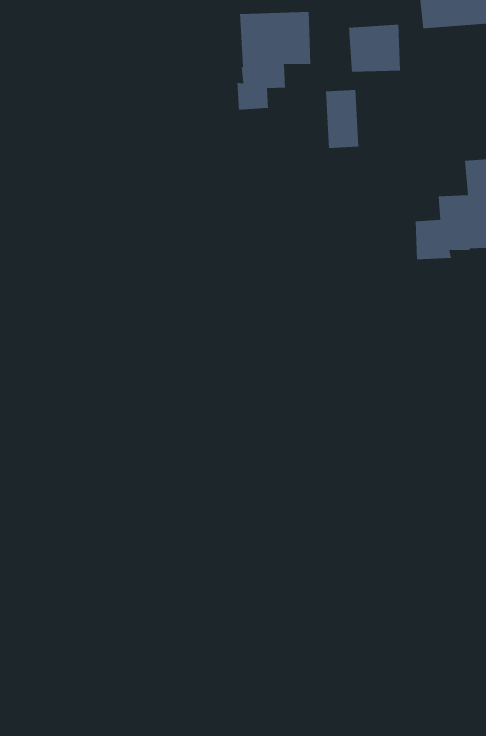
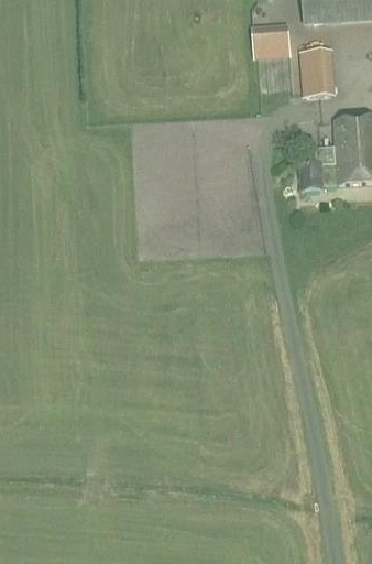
building: [237,11,311,110] -> none
building: [325,90,359,148] -> [304,52,328,94]

